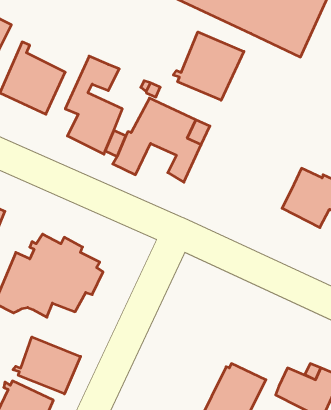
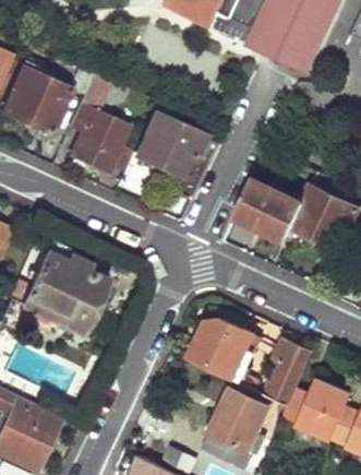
building: [173,32,244,100] -> none
building: none -> [233,178,302,245]
building: none -> [189,317,311,406]
building: [13,337,81,394] -> none

